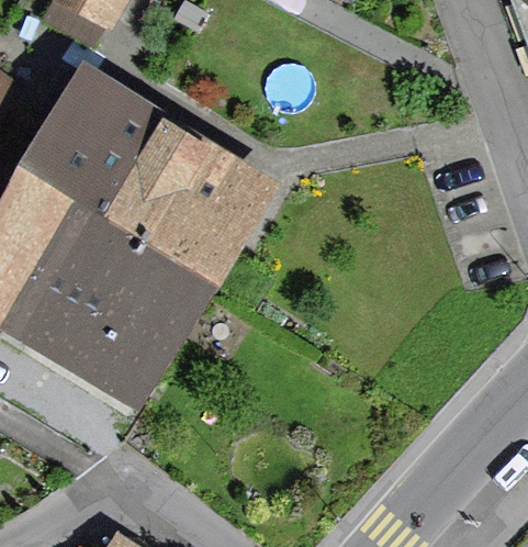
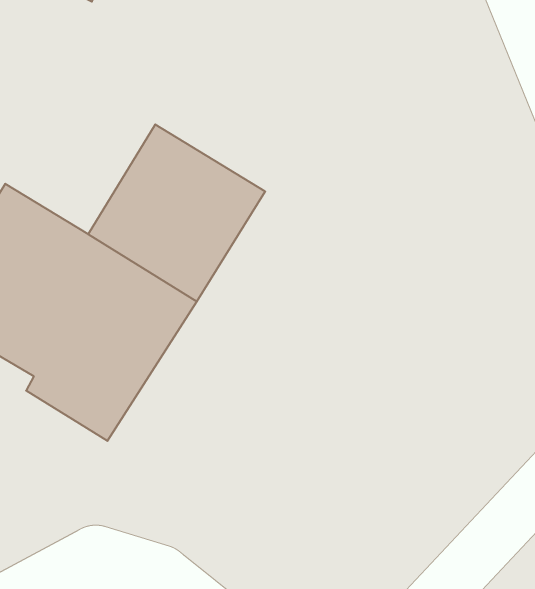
building: [32,66,159,219] -> none

